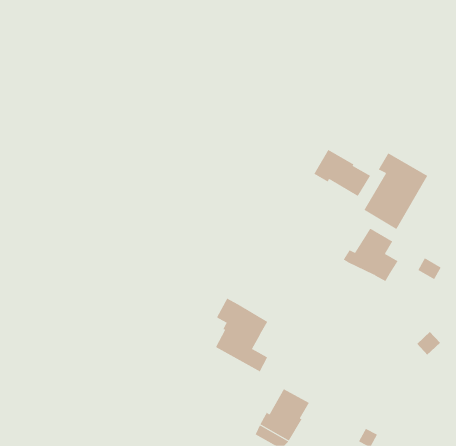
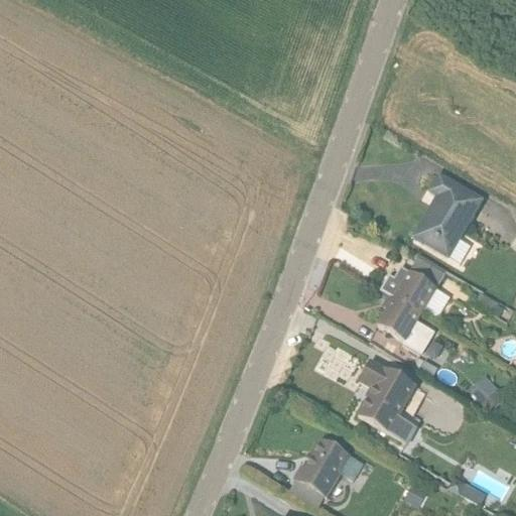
building: [314,149,371,197] -> none
building: none -> [379,291,435,352]
building: [215,298,268,372] -> [358,358,417,441]

